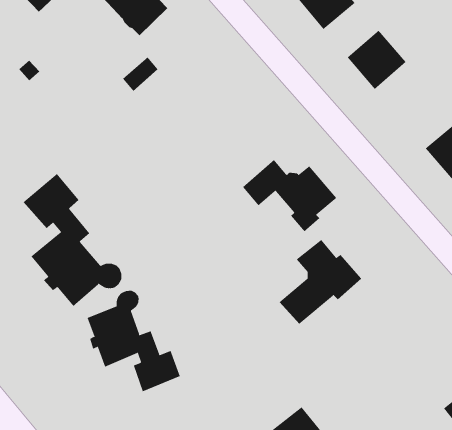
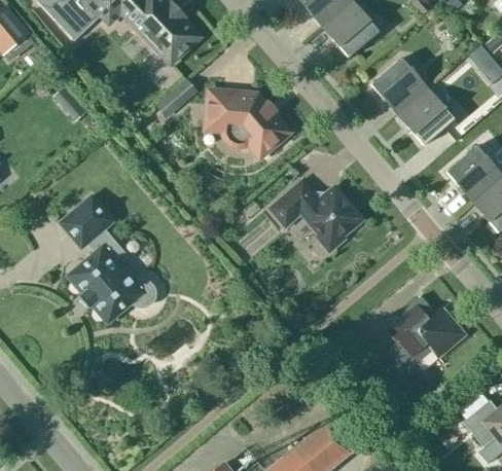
building: none -> [398,87,455,144]
building: none -> [208,92,288,154]
building: [279,239,362,325] -> [381,295,461,377]
building: [87,290,180,392] -> none

